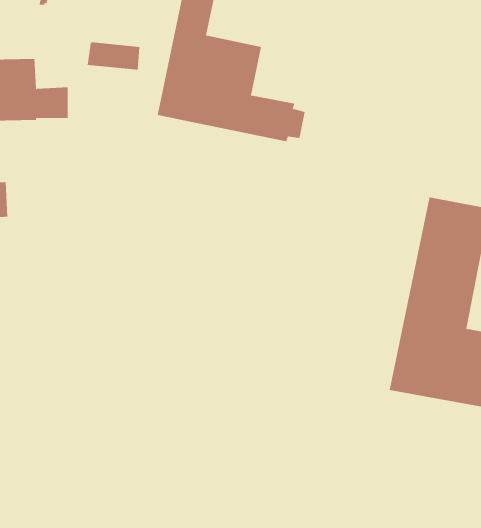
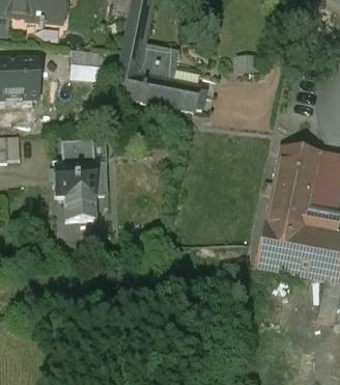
building: none -> [54,141,108,221]

